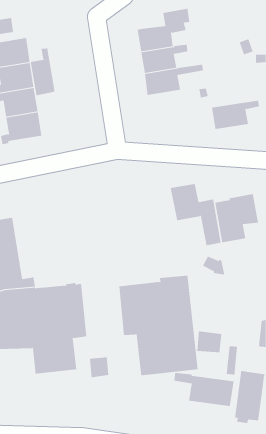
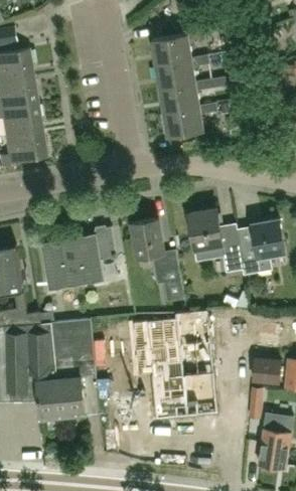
building: [30,47,55,96] -> none
building: [211,100,260,130] -> [162,105,215,137]
building: none -> [131,219,184,302]
building: none -> [40,227,116,290]
building: [196,331,222,353] -> [252,359,280,383]
building: [174,372,234,407] -> none

